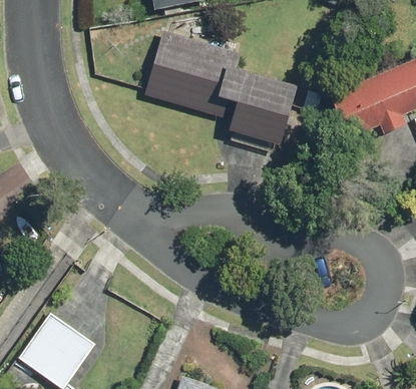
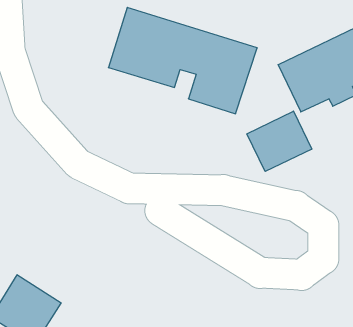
building: none -> [247,111,312,171]

